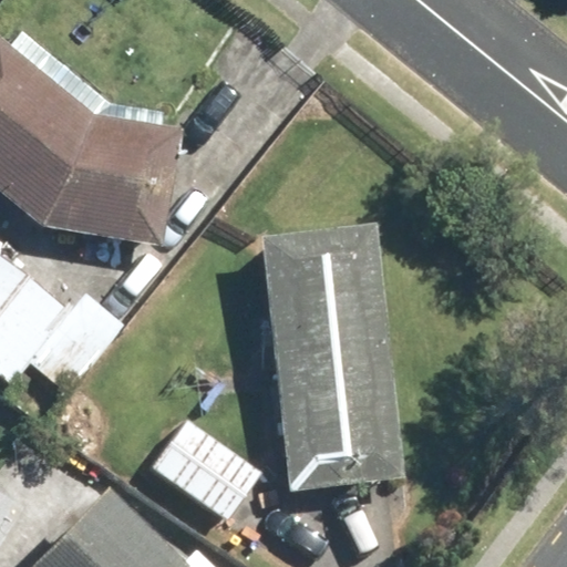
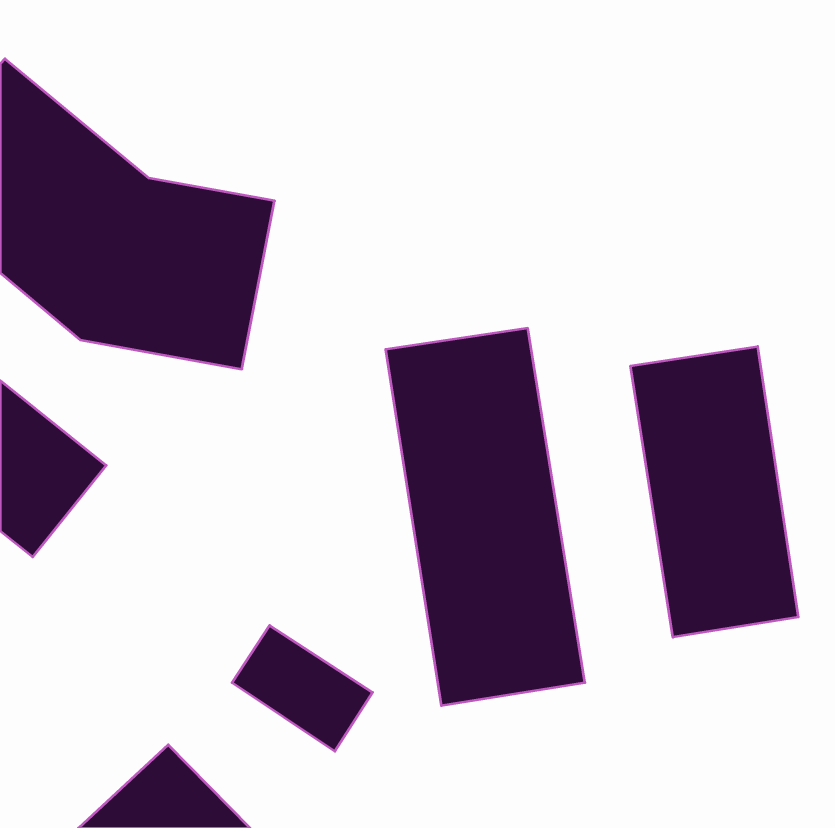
building: none -> [631,346,798,637]

